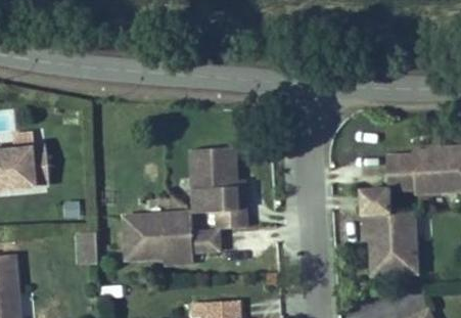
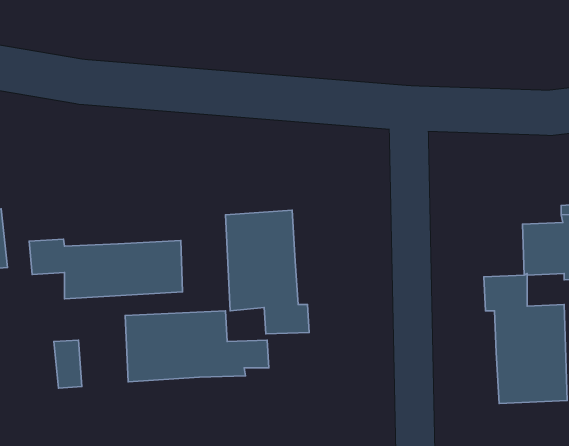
building: none -> [29,239,183,299]

